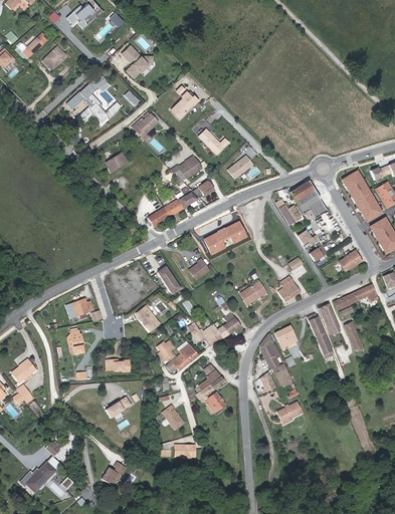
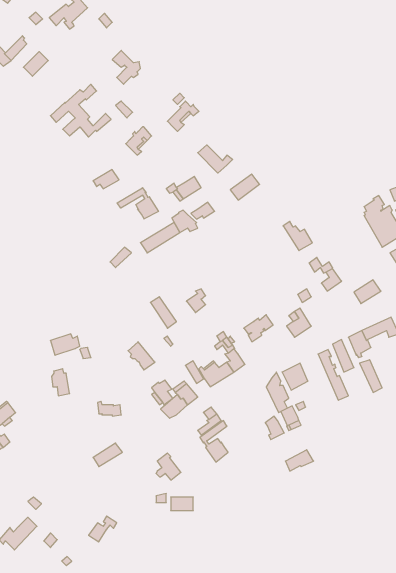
building: none -> [117,188,158,219]
building: [290,180,328,231] -> none
building: [205,220,248,254] -> none

